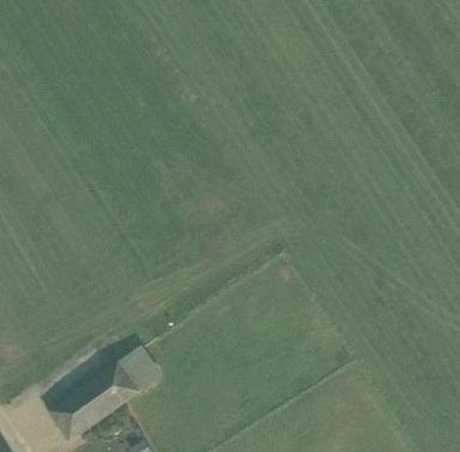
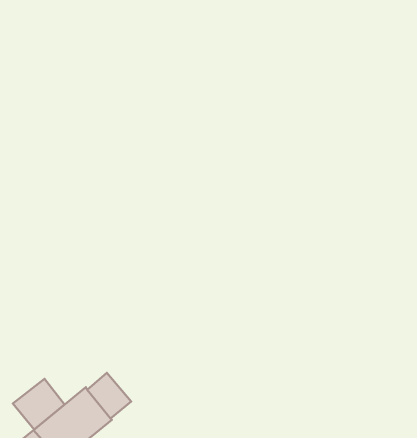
building: none -> [13,379,65,430]

